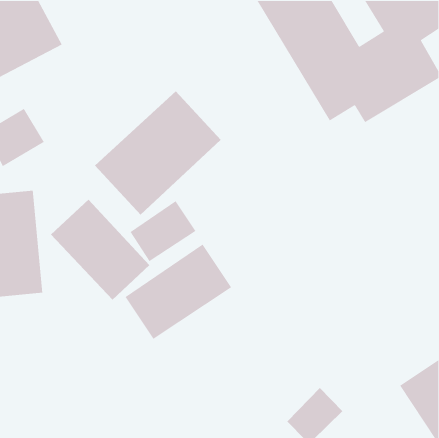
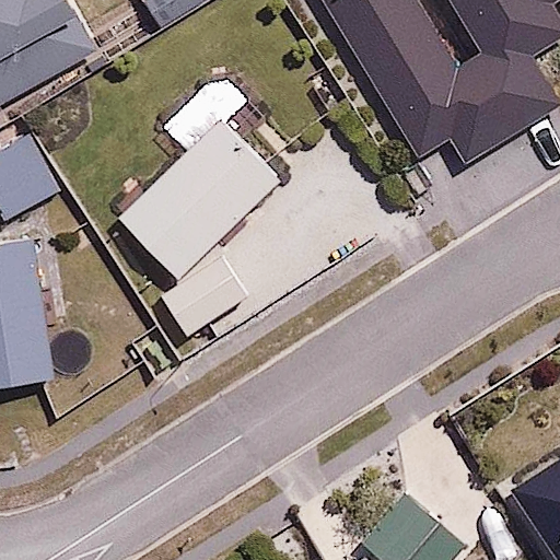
building: [50,199,150,300] -> none
building: [124,244,232,340] -> none

